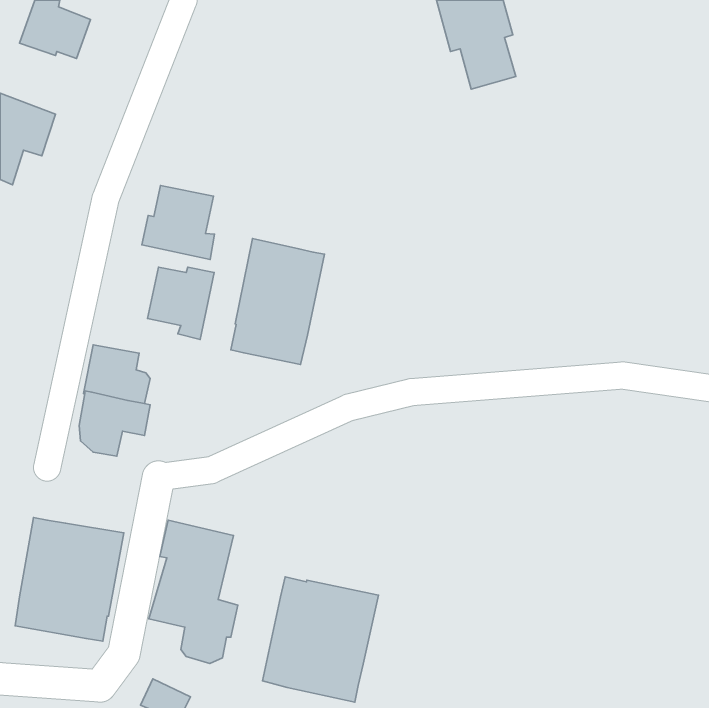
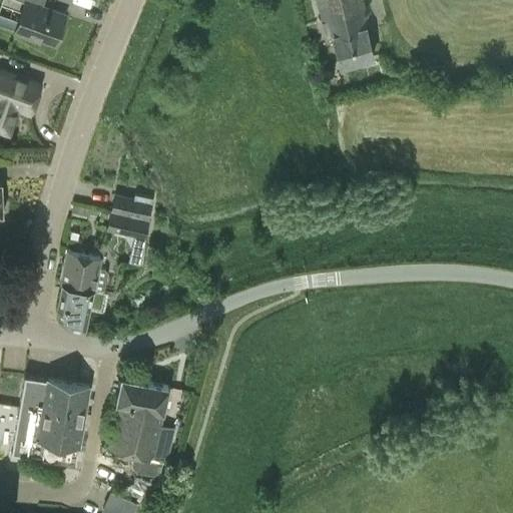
building: [142,185,214,259] -> none
building: [231,239,324,365] -> none
building: [262,577,378,702] -> none

